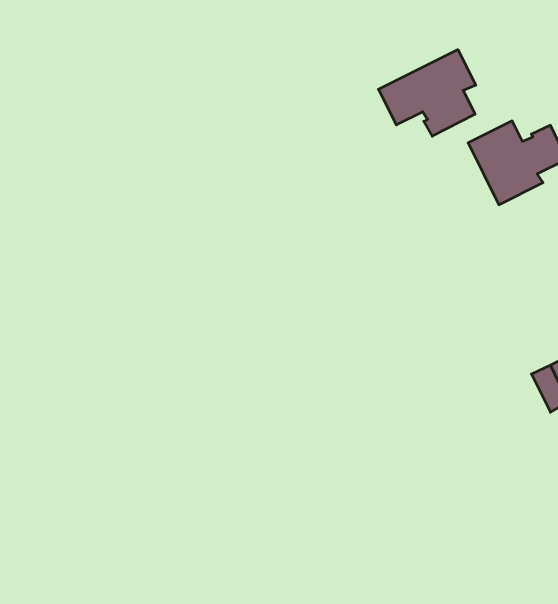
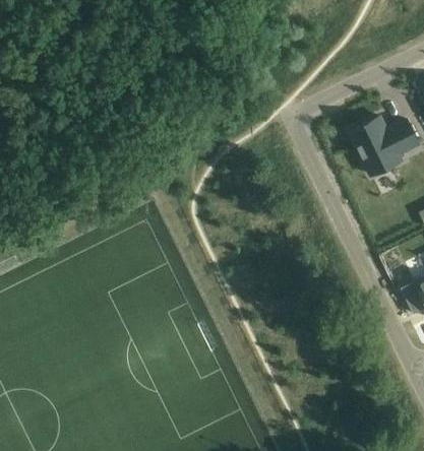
building: [378,50,476,136] -> none

